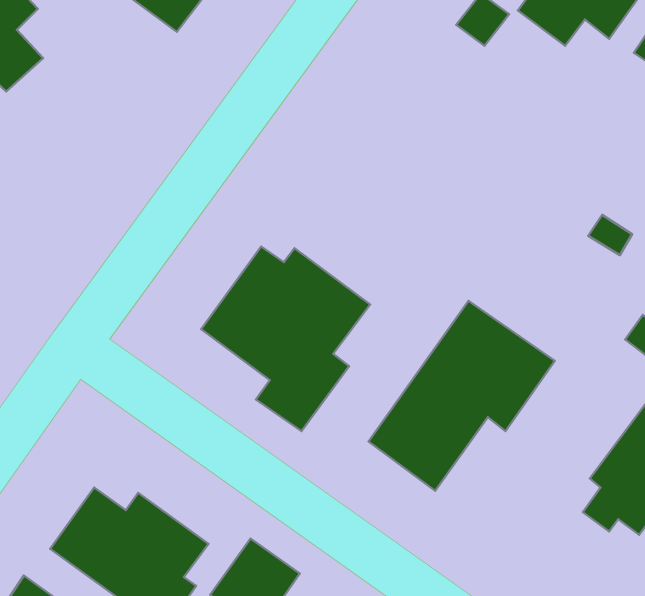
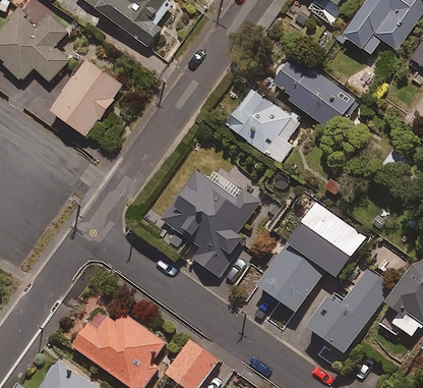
building: none -> [266,52,354,130]
building: none -> [51,58,123,135]
building: none -> [227,89,299,163]
building: none -> [307,268,394,352]

